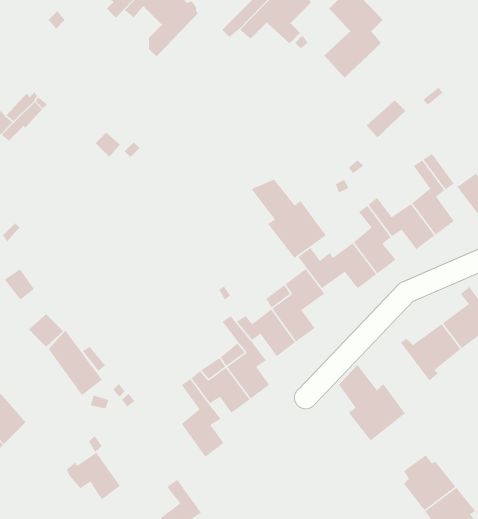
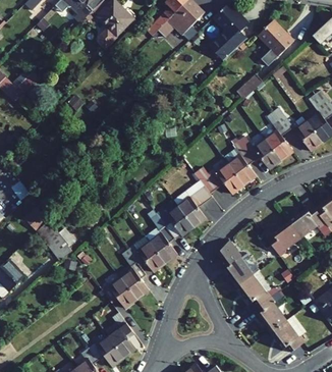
building: none -> [259,20,294,66]
building: [250,178,327,259] -> none
building: none -> [240,273,282,308]
building: [66,452,121,500] -> [102,278,136,309]

